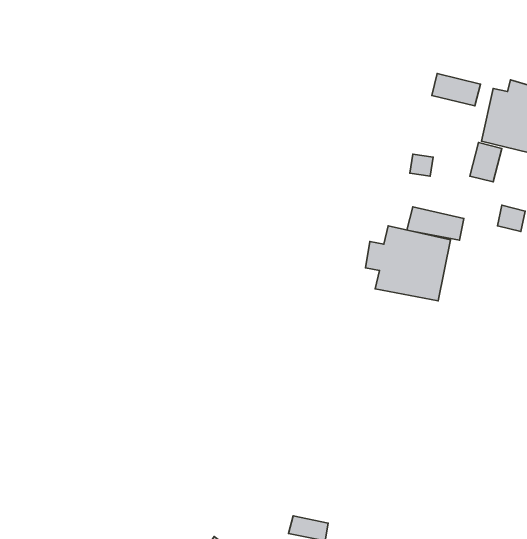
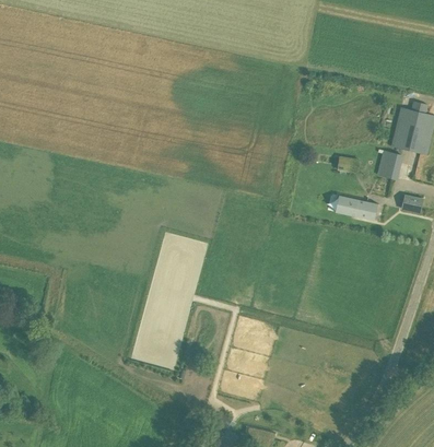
building: [432,74,481,106] -> none
building: [365,226,451,301] -> none

